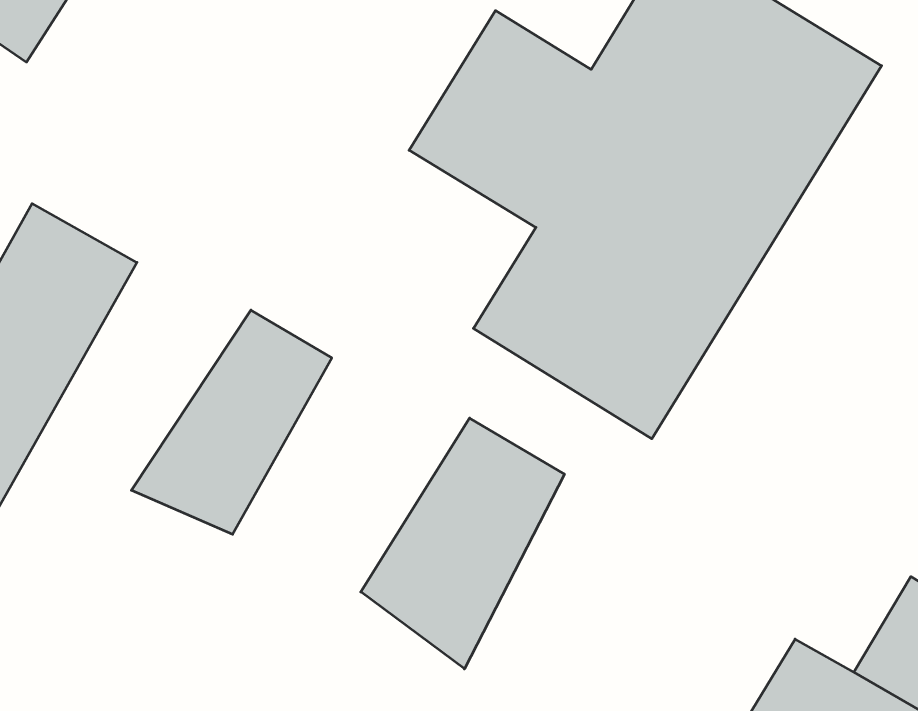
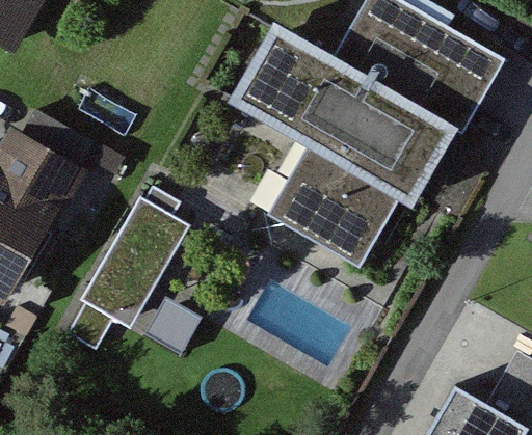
building: [361,418,564,669] -> none

